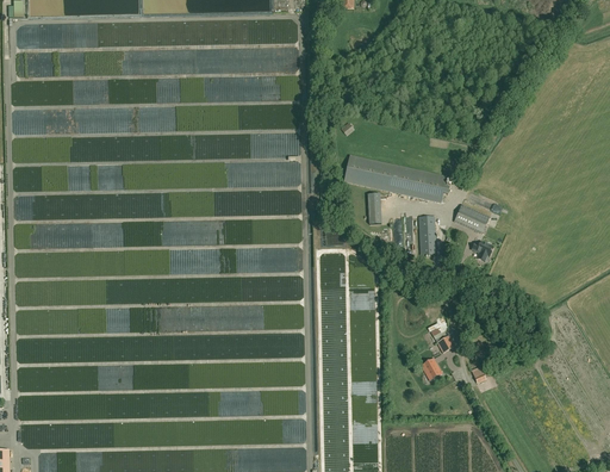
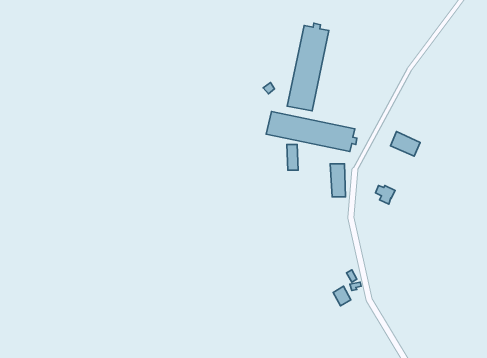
building: none -> [287,23,329,111]
building: [454,204,488,232] -> [390,131,420,156]

